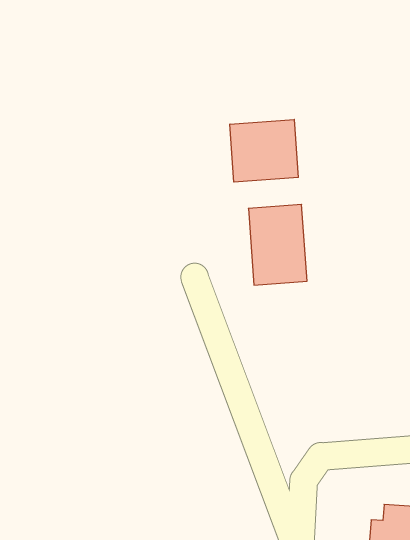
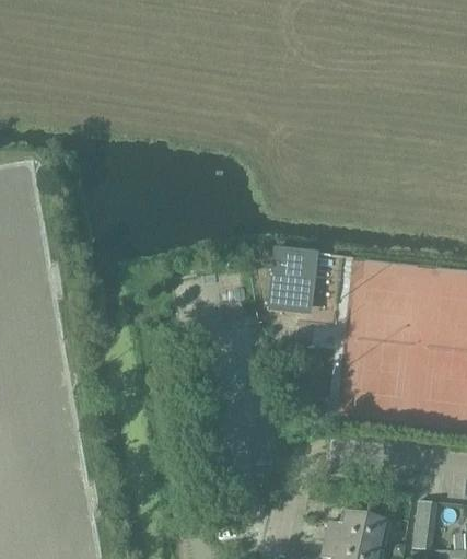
building: [230,119,298,182] -> none

